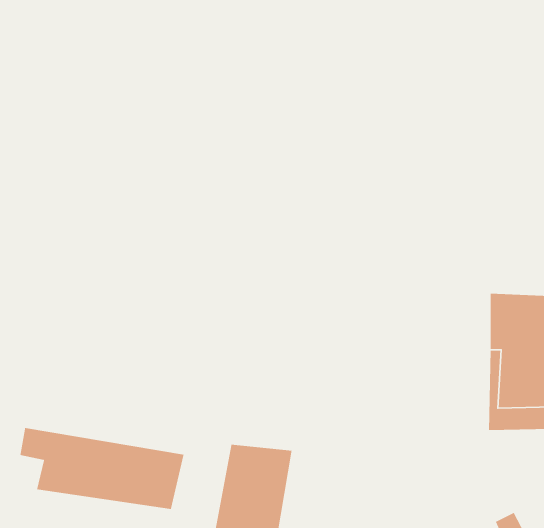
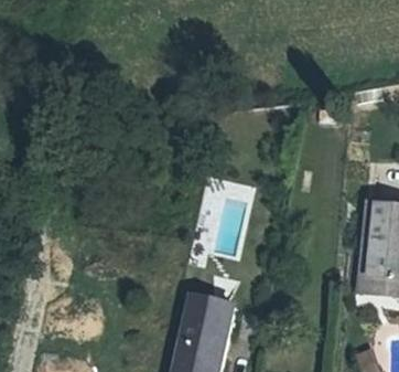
building: [20,427,184,510] -> none

